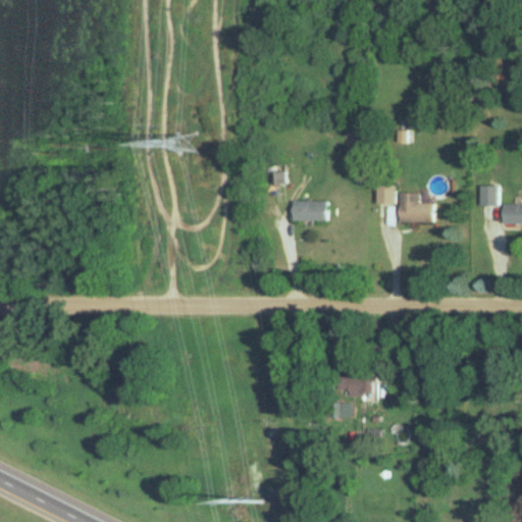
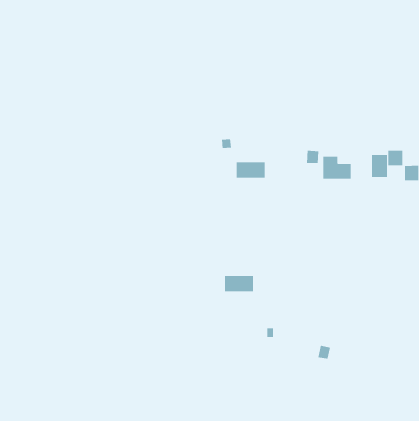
building: none -> [372,154,388,178]
building: [334,375,371,396] -> [224,275,254,292]

